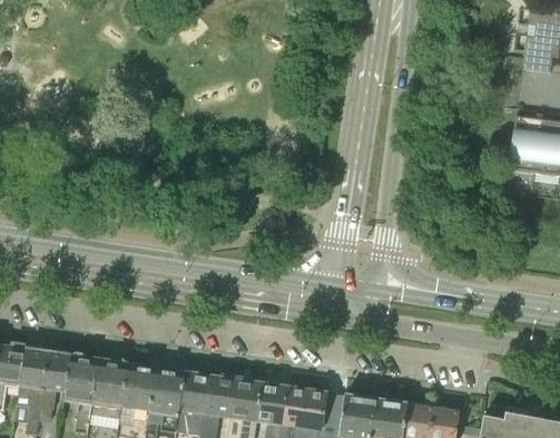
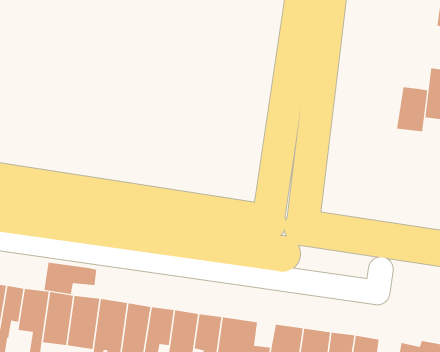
building: none -> [397,86,428,132]
building: none -> [44,262,97,295]

